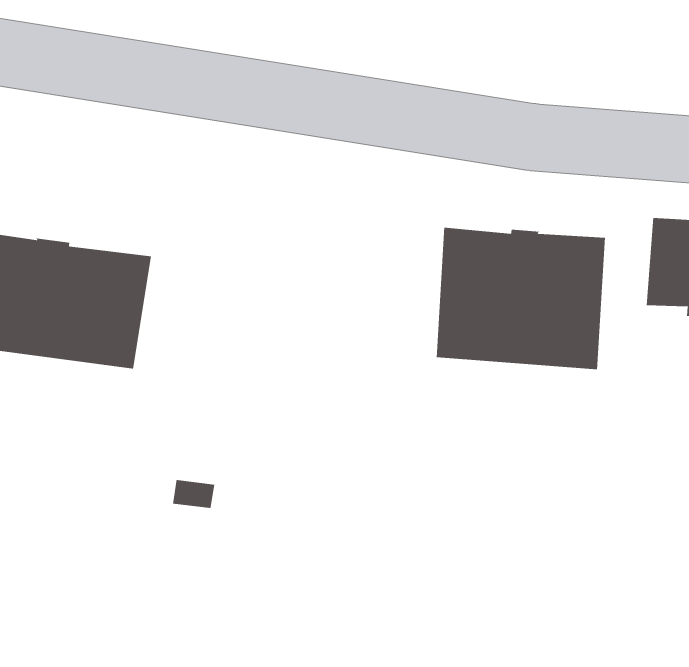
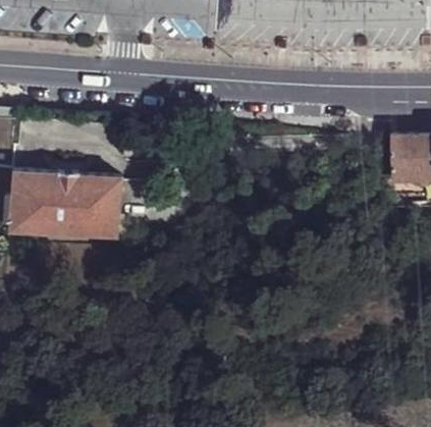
building: [436,227,605,370] -> none

